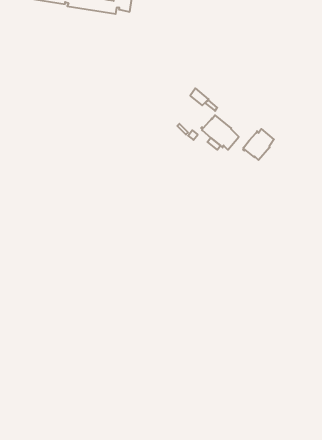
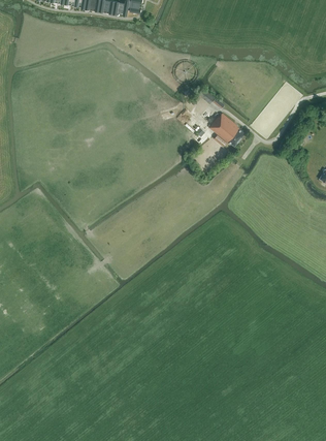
building: [243,129,274,160] -> none

